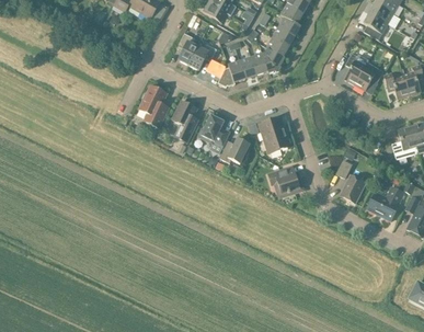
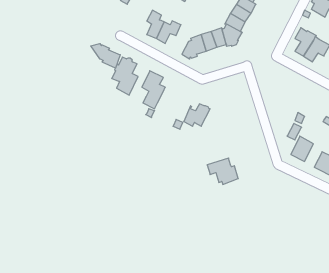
building: none -> [91,44,120,68]
building: [197,114,229,145] -> none
building: [259,116,289,152] -> none
building: [267,165,302,195] -> [207,158,238,184]

